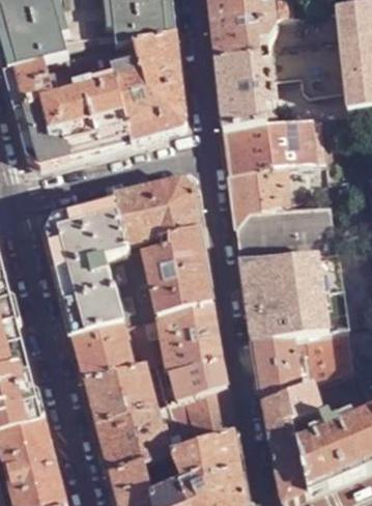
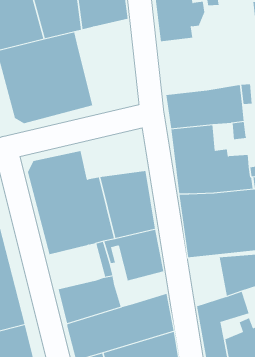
building: [111,28,184,140] -> none
building: [216,53,276,126] -> none
building: [112,174,198,235] -> none
building: [73,320,132,377] -> none
building: [251,336,301,399] -> none
building: [173,355,225,396] -> none

